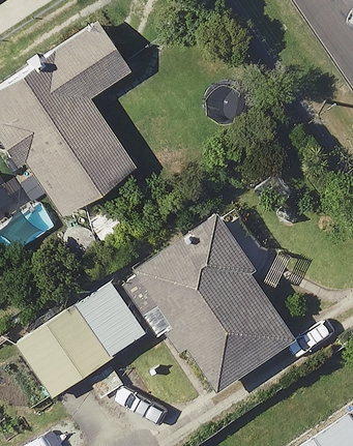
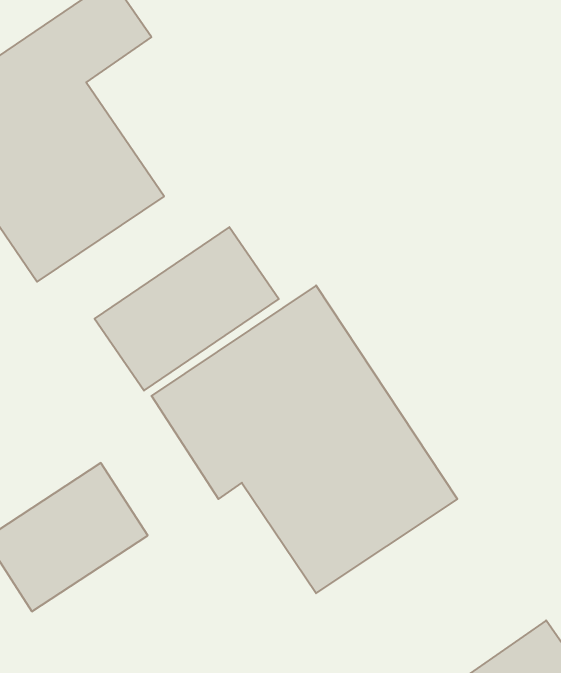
building: none -> [95,227,279,391]

